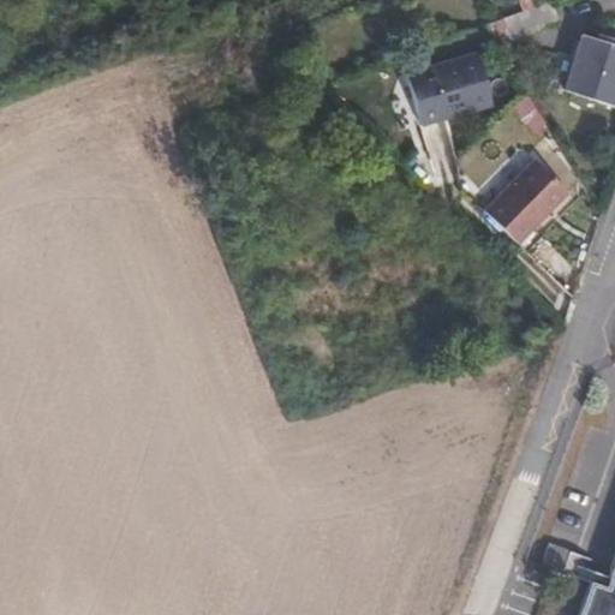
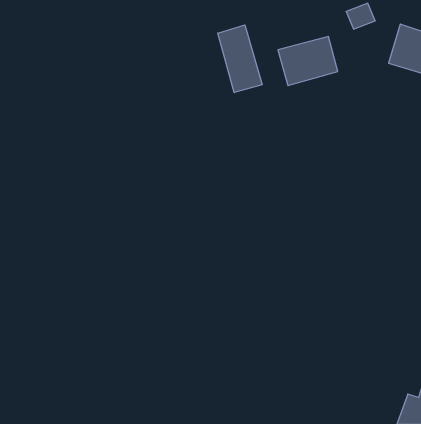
building: none -> [218,25,262,93]
building: [485,159,571,243] -> none

